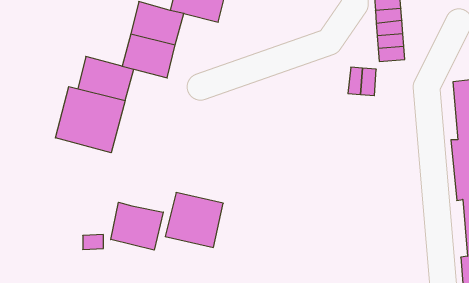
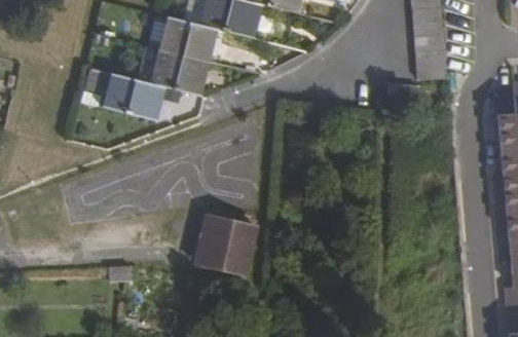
building: [55,87,125,153] -> none
building: [111,202,163,250] -> none

